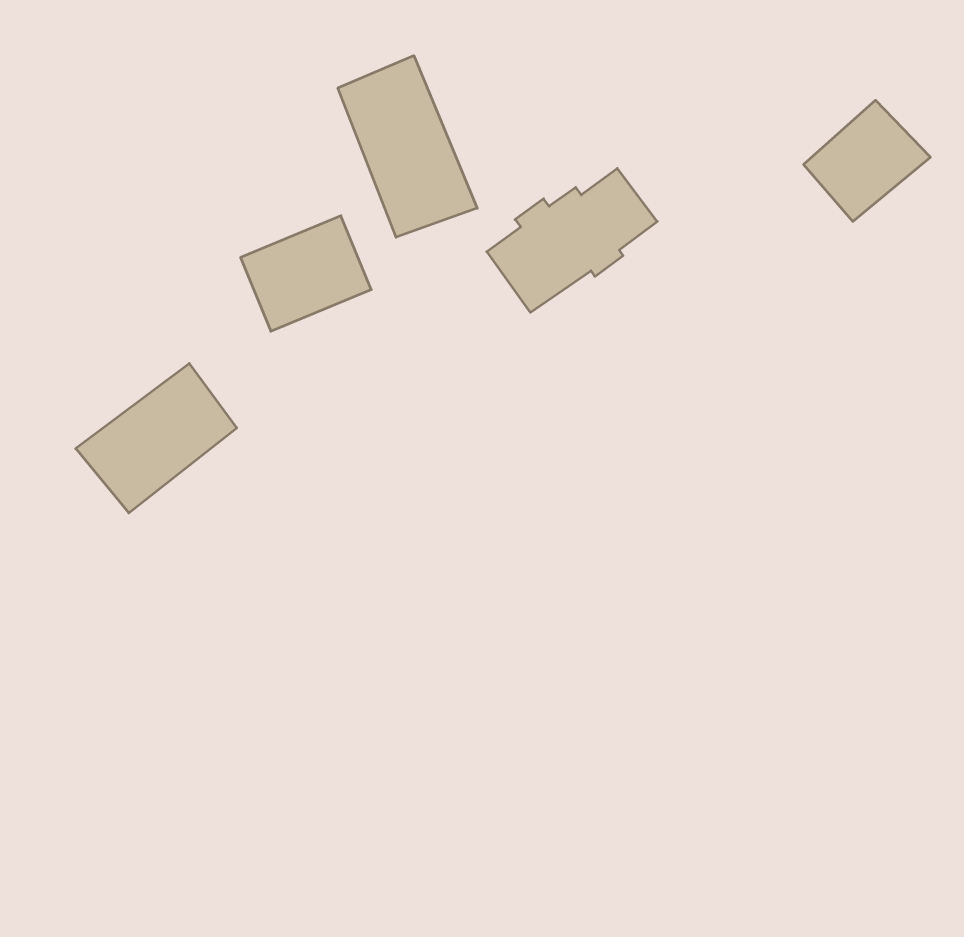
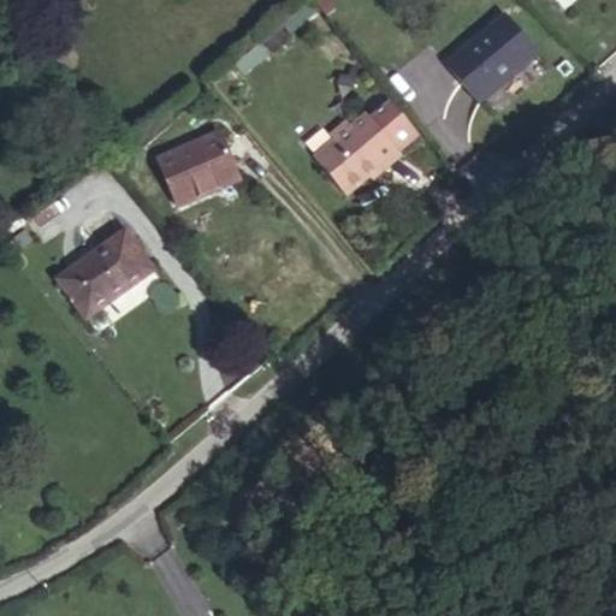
building: [338,56,477,237] -> none
building: [804,100,930,221] -> [452,11,533,88]

